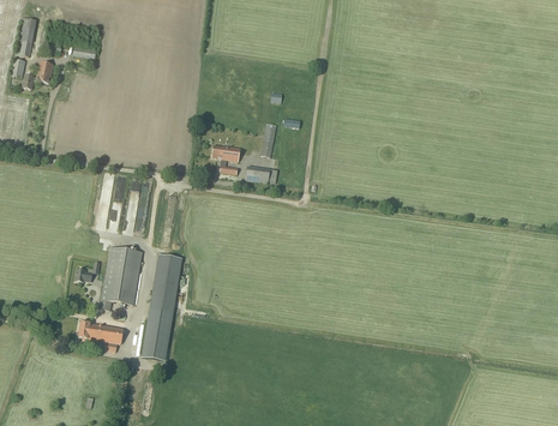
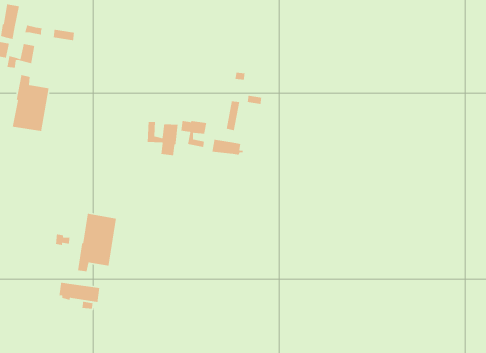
building: none -> [12,74,50,132]
building: none -> [147,121,178,156]
building: [142,253,182,360] -> none

